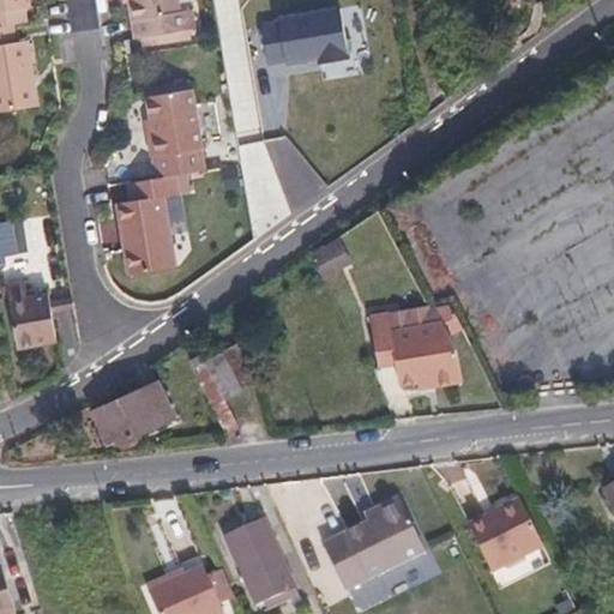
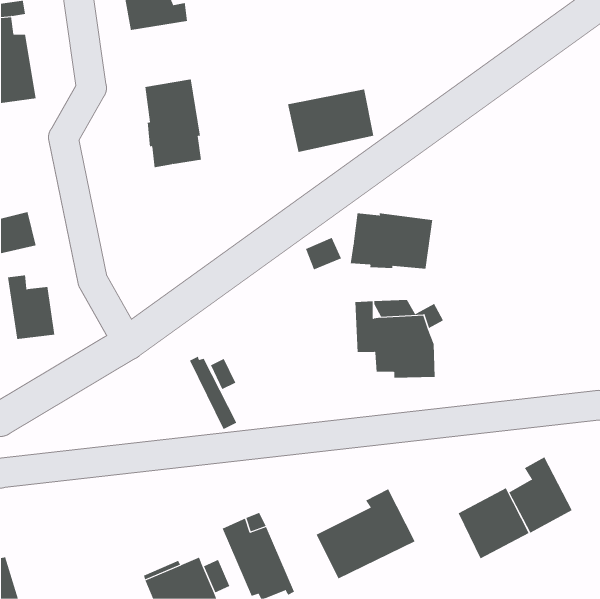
building: [260,5,349,70] -> [287,89,374,152]
building: [116,168,179,269] -> none
building: none -> [350,212,433,270]
building: [103,384,176,444] -> none
building: none -> [508,457,572,534]

